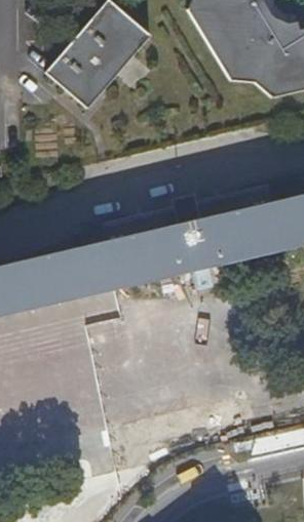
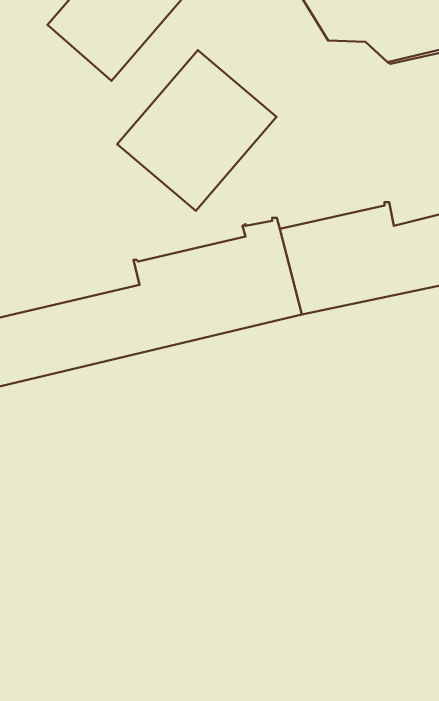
building: none -> [117,50,277,211]

